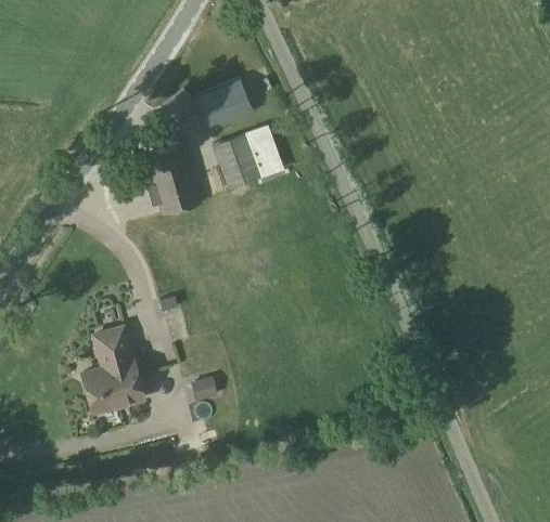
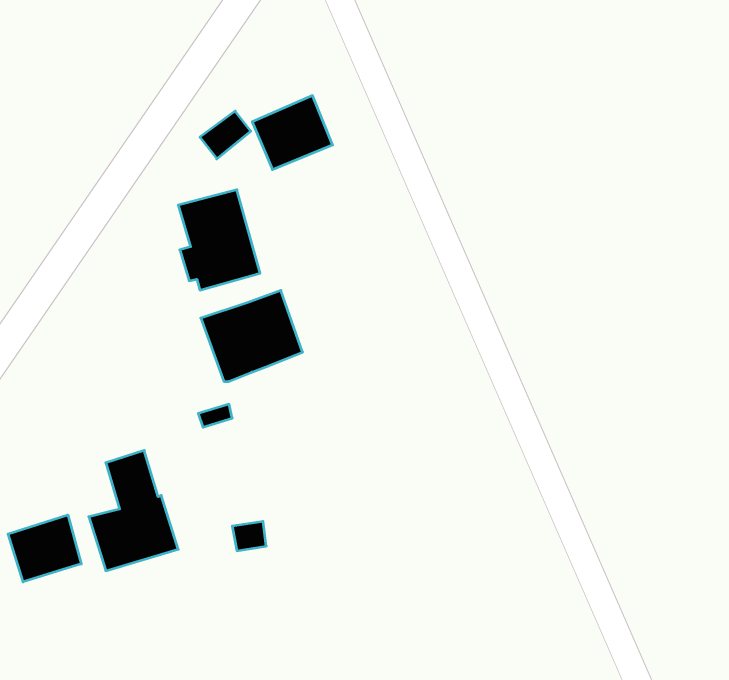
building: [212,125,283,188] -> [201,290,303,381]
building: none -> [8,515,81,582]

